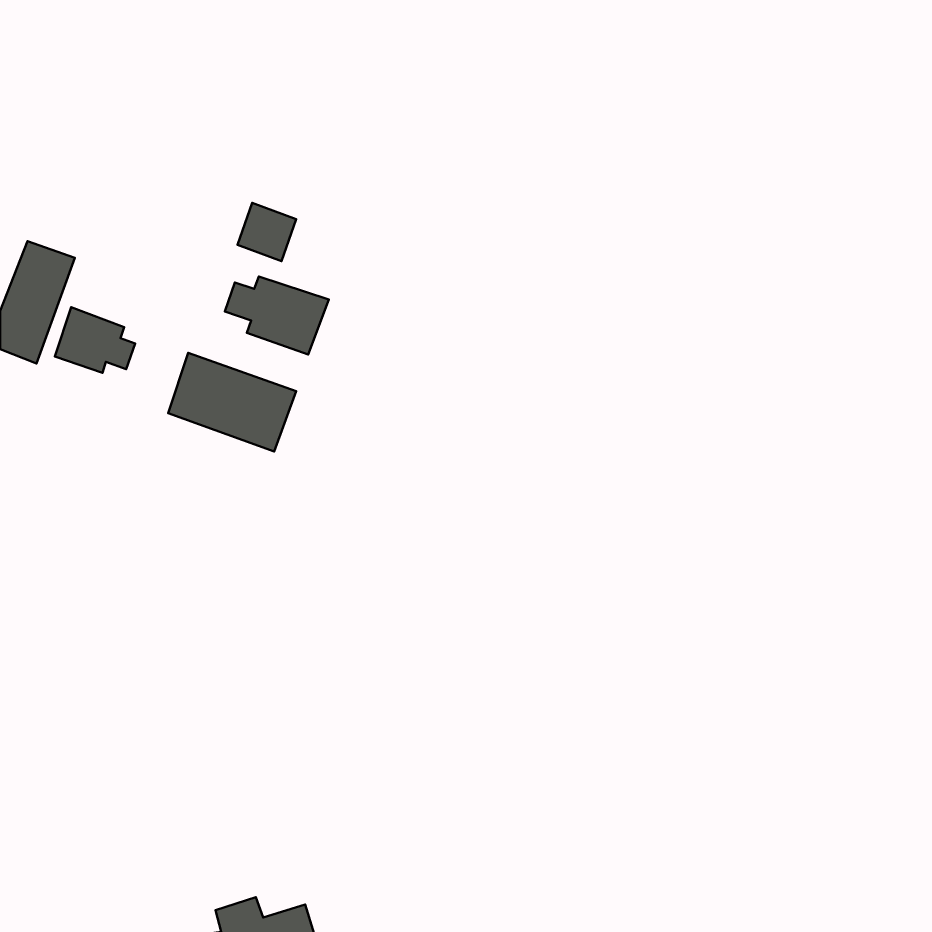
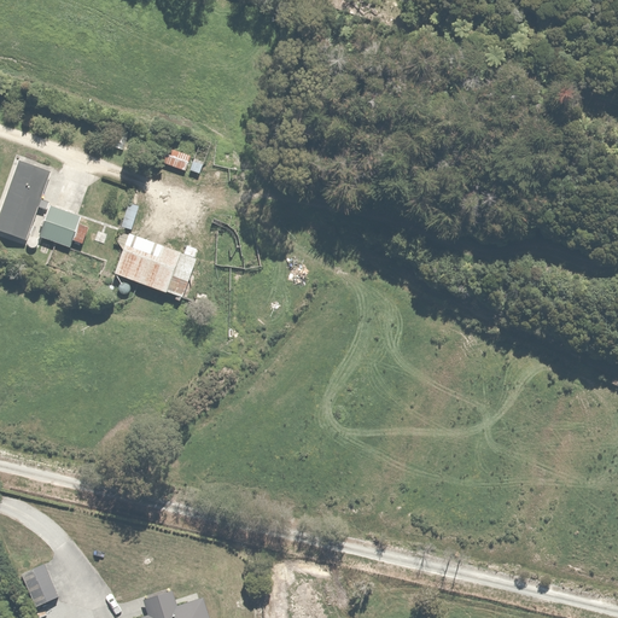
building: [225,276,329,355] -> none
building: none -> [19,562,58,607]

